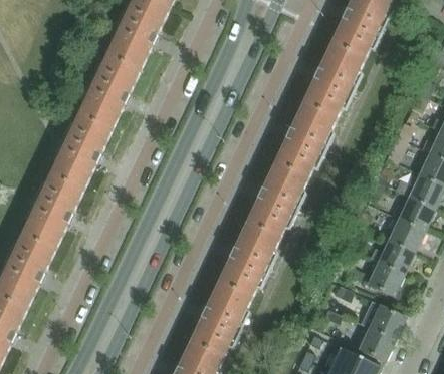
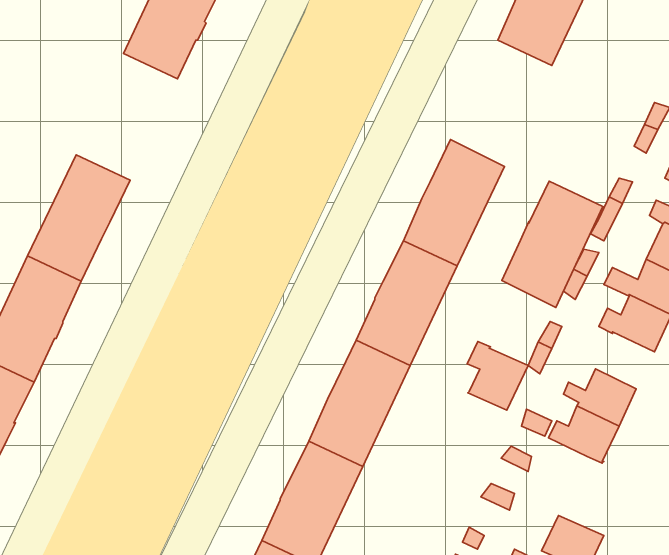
building: [302,44,363,119] -> [502,181,603,308]
building: [79,52,140,127] -> none
building: [389,218,424,252] -> none
building: none -> [467,342,528,410]
building: [359,301,405,339] -> none

